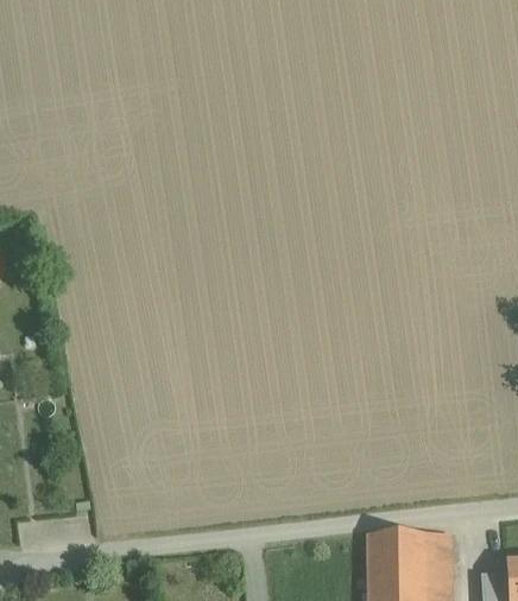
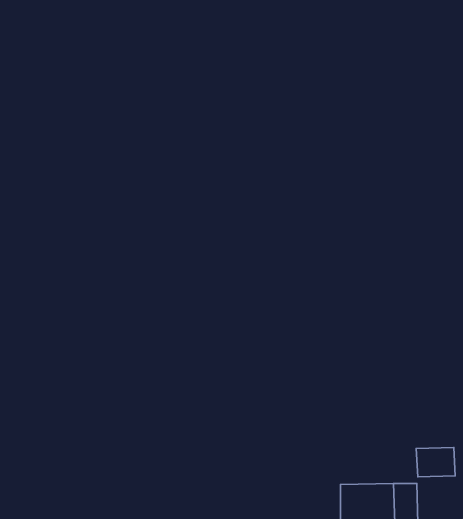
building: none -> [416,448,455,477]

